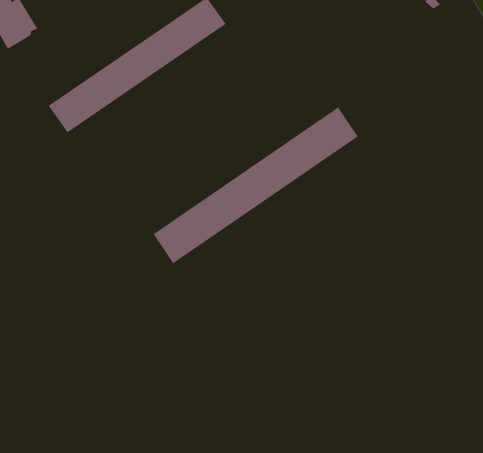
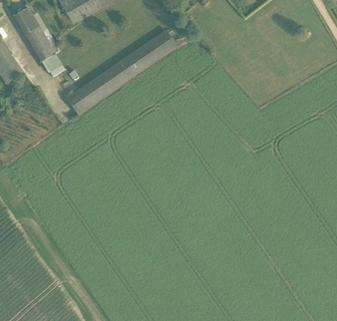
building: [153,106,359,264] -> none

